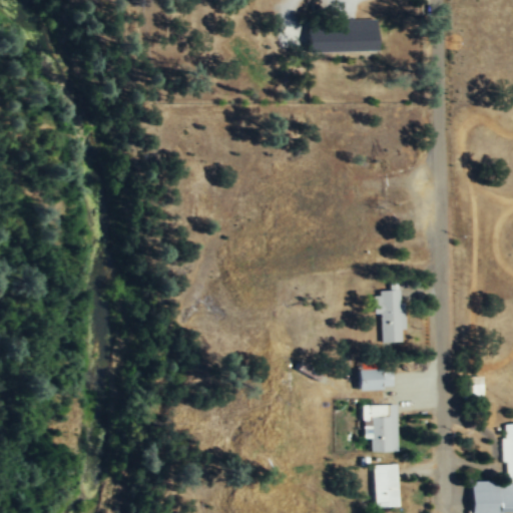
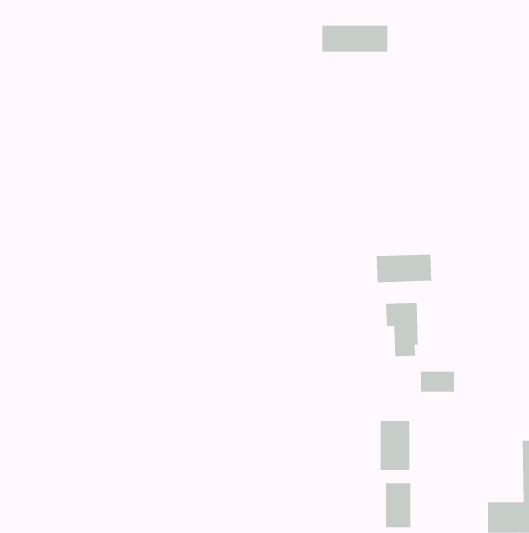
building: none -> [376,254,432,283]
building: [359,369,392,389] -> [420,371,455,392]

